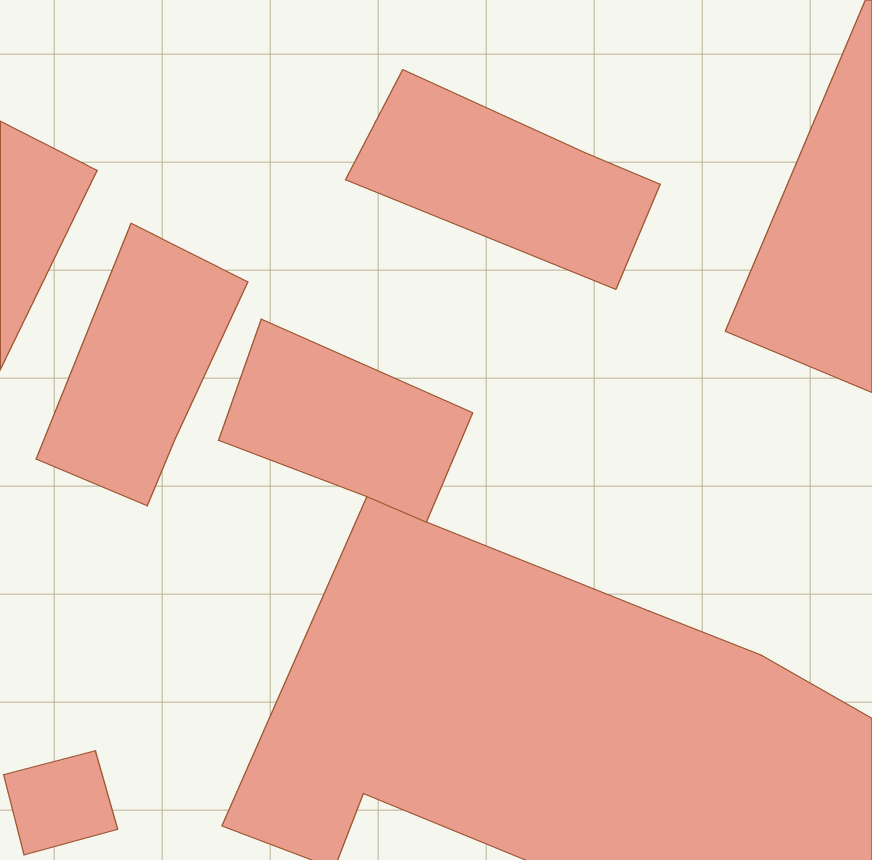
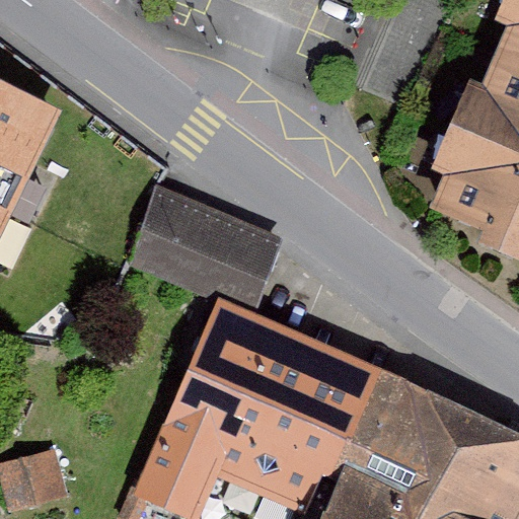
building: [346,70,660,289] -> none
building: [36,223,248,506] -> none

